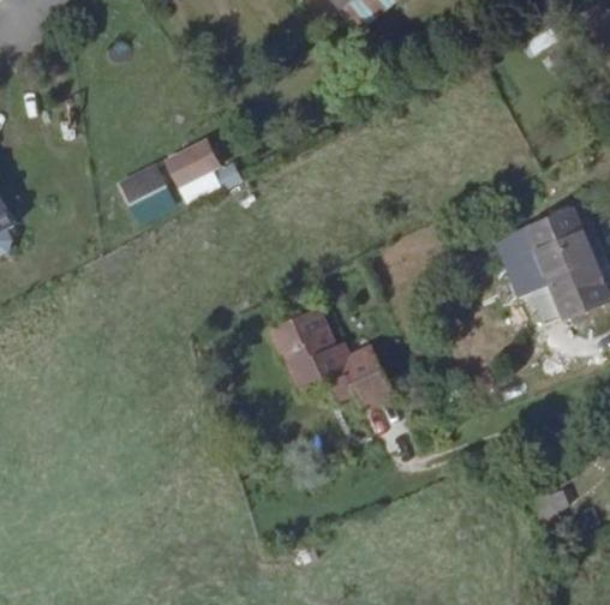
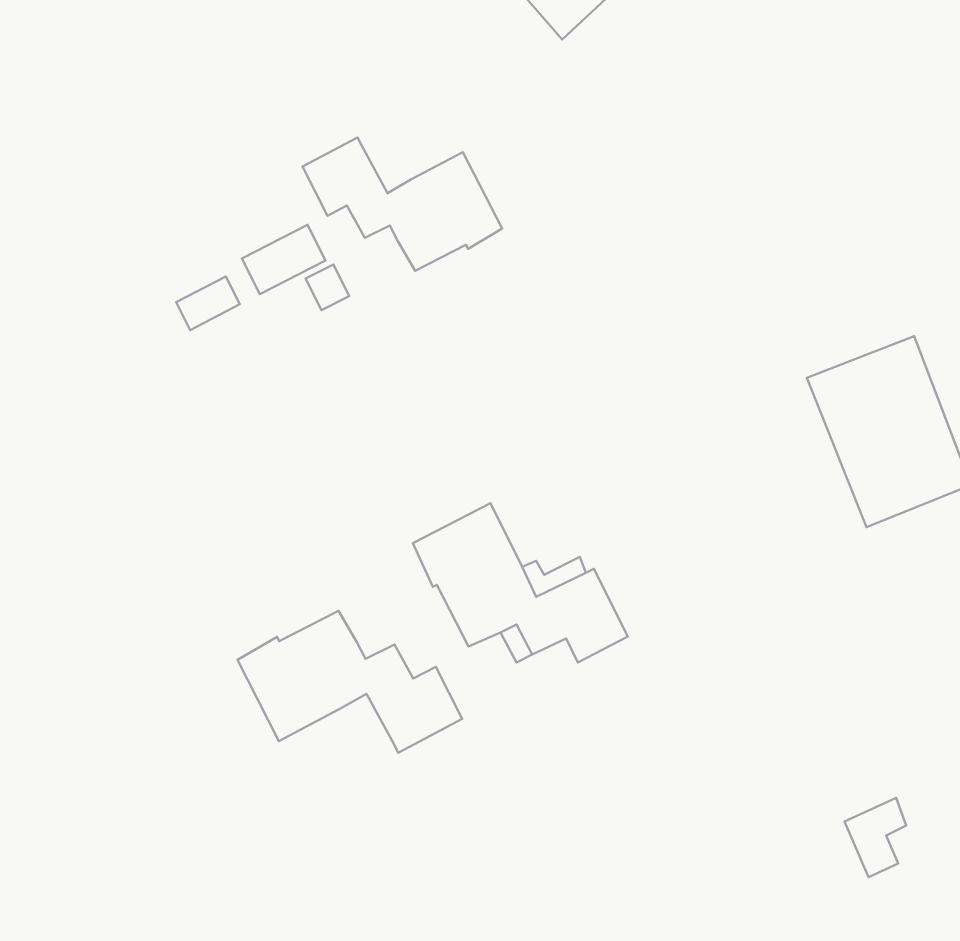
building: none -> [302,137,502,271]
building: none -> [237,611,462,753]

